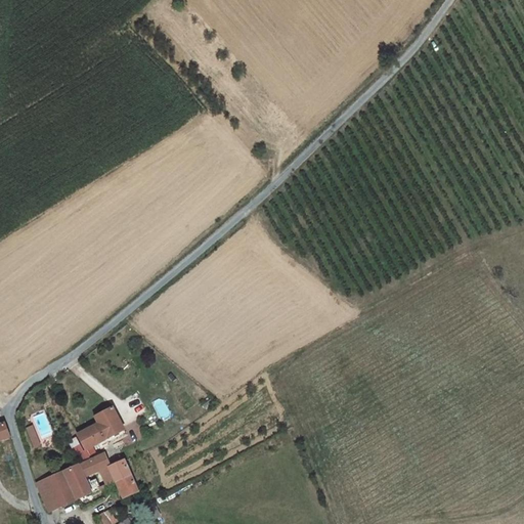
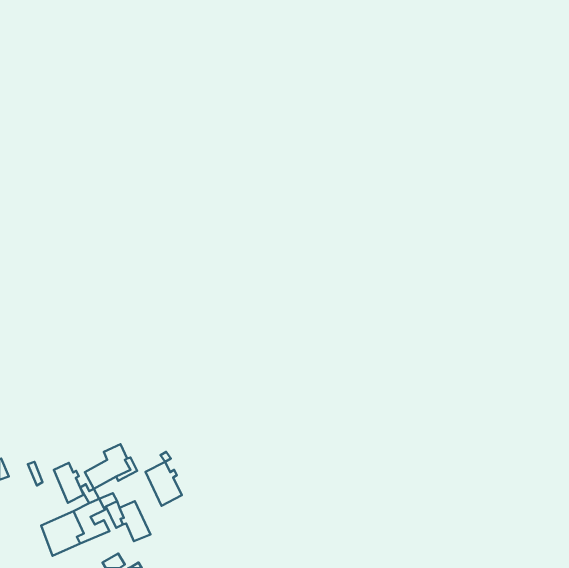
building: none -> [145,462,182,506]
building: none -> [54,463,84,503]

